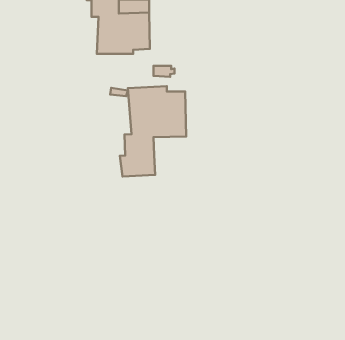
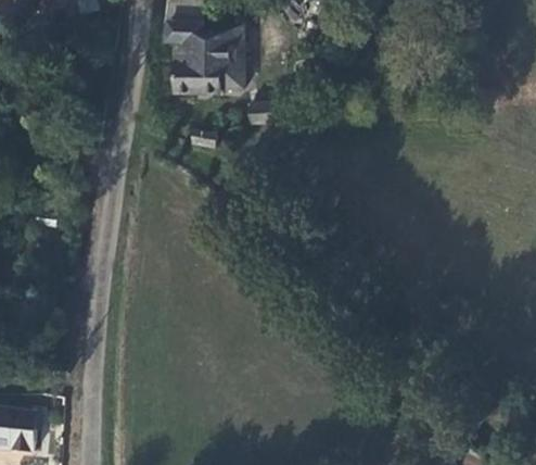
building: [120,86,186,177] -> none

